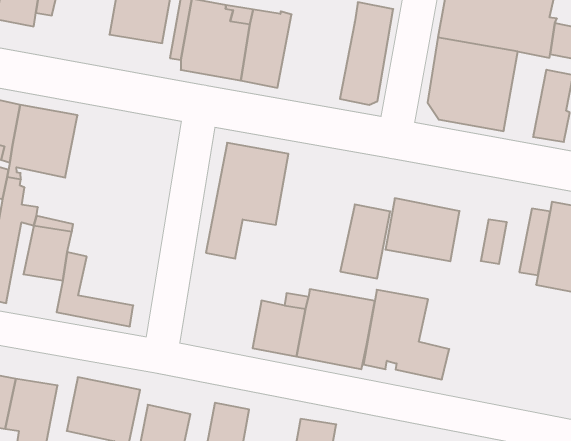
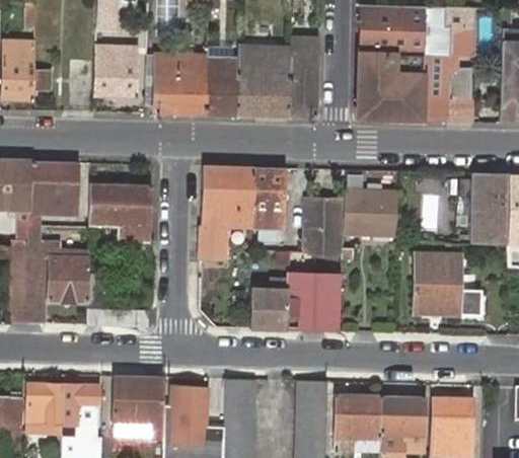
building: none -> [236,53,290,118]
building: none -> [424,57,451,122]
building: none -> [90,182,152,241]
building: none -> [252,168,288,228]
building: [364,290,449,379] -> [415,251,481,315]

